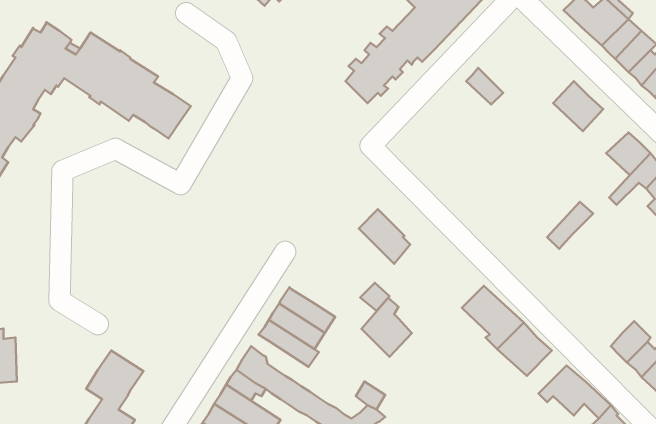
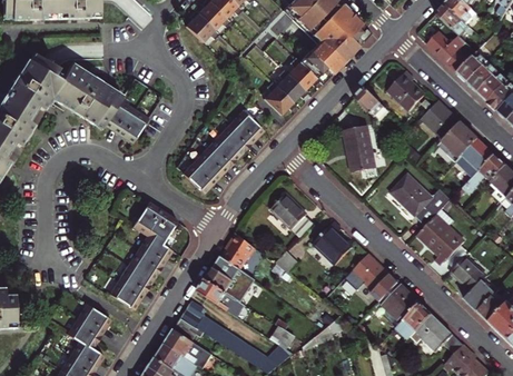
building: none -> [386,68,423,109]
building: none -> [181,109,266,192]
building: none -> [441,120,477,156]
building: none -> [343,126,375,171]
building: none -> [389,174,430,215]
building: none -> [109,202,179,309]
building: none -> [416,215,463,260]
building: none -> [223,229,256,267]
building: none -> [450,256,486,289]
building: [362,298,412,357] -> [314,221,352,266]
building: none -> [395,303,431,339]

